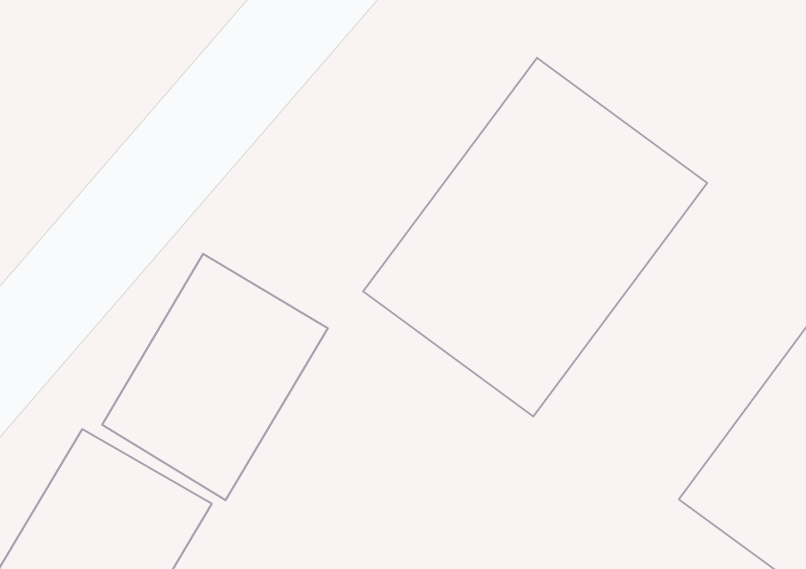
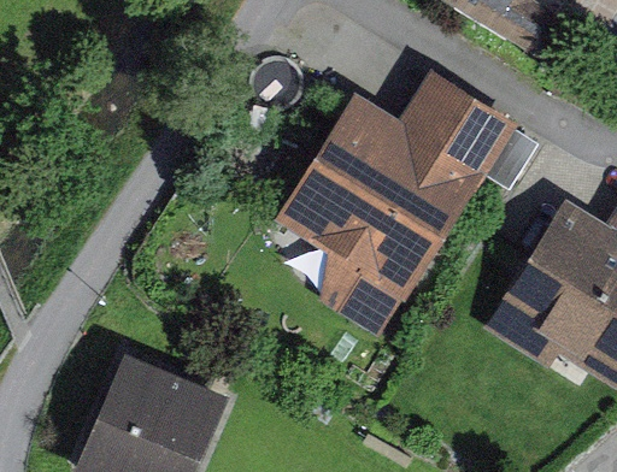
building: [102,254,328,500] -> none

